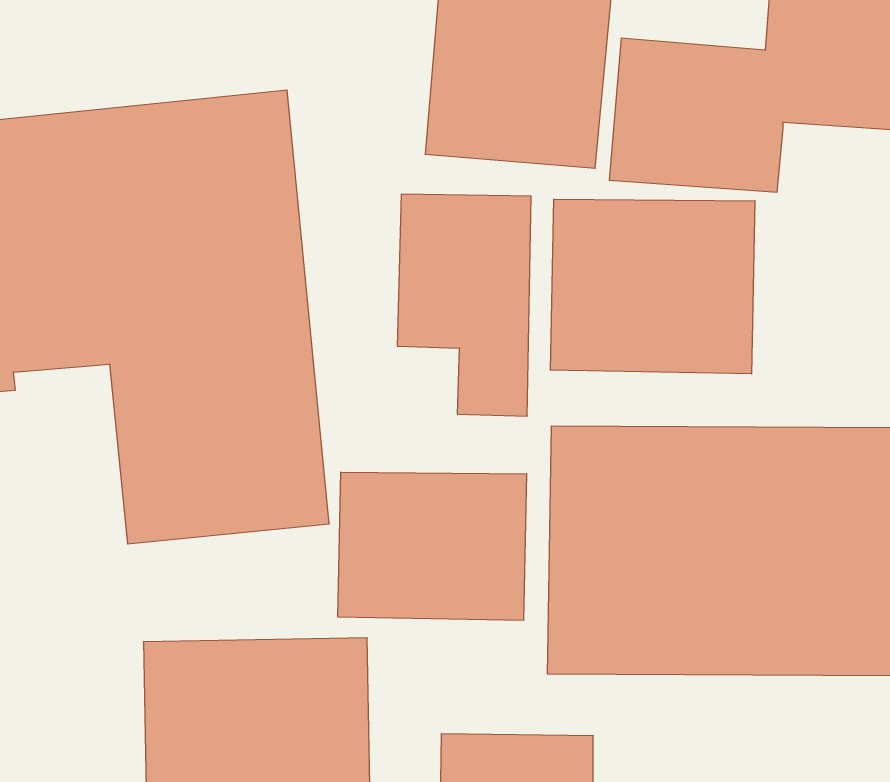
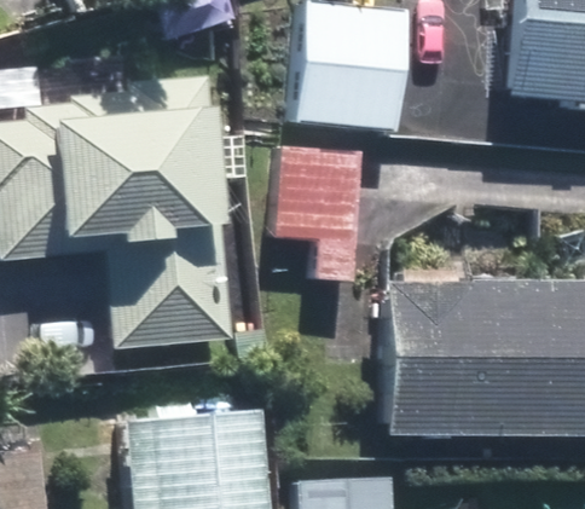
building: [551,199,755,374] -> none
building: [338,472,526,620] -> none

